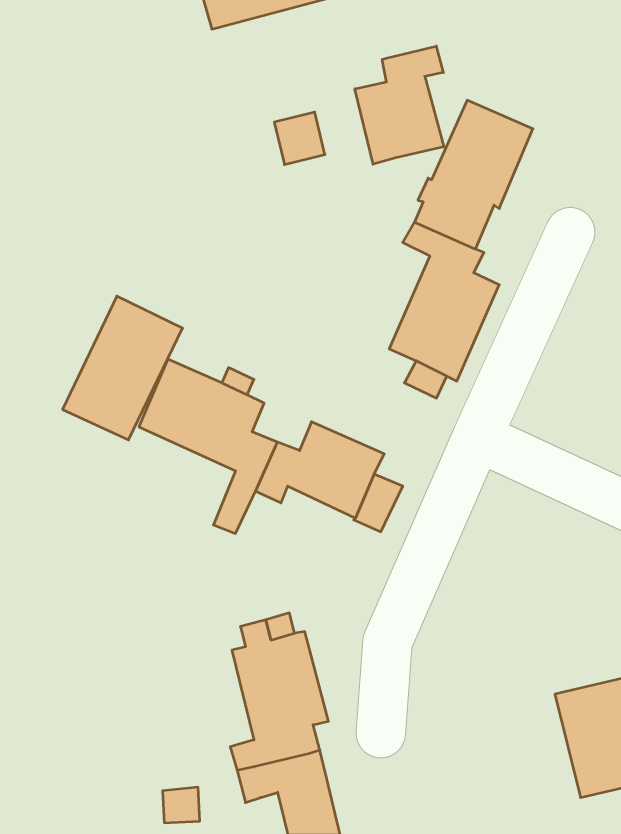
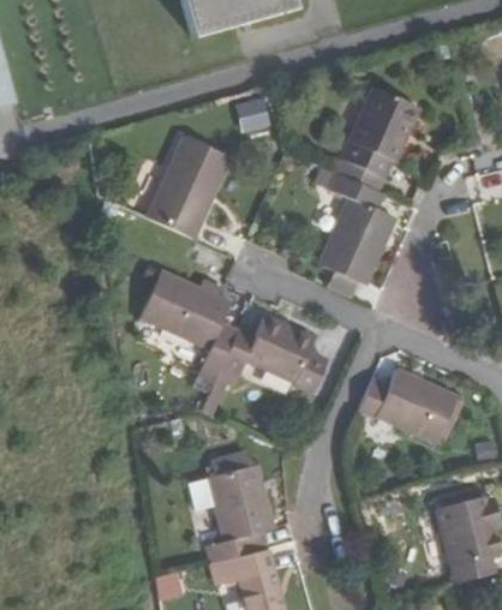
building: [355,46,444,164] -> none
building: [63,296,183,440] -> [144,136,229,238]
building: none -> [357,370,455,443]

